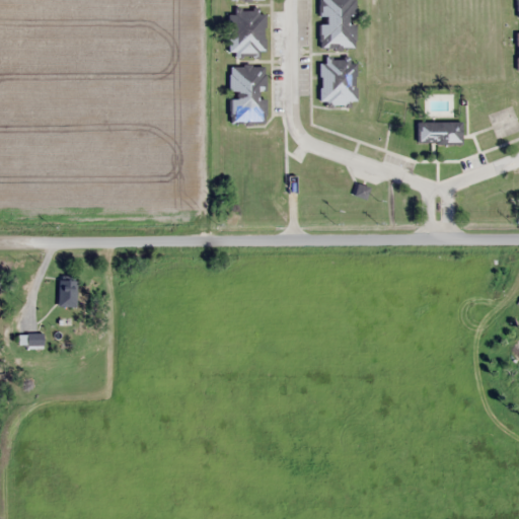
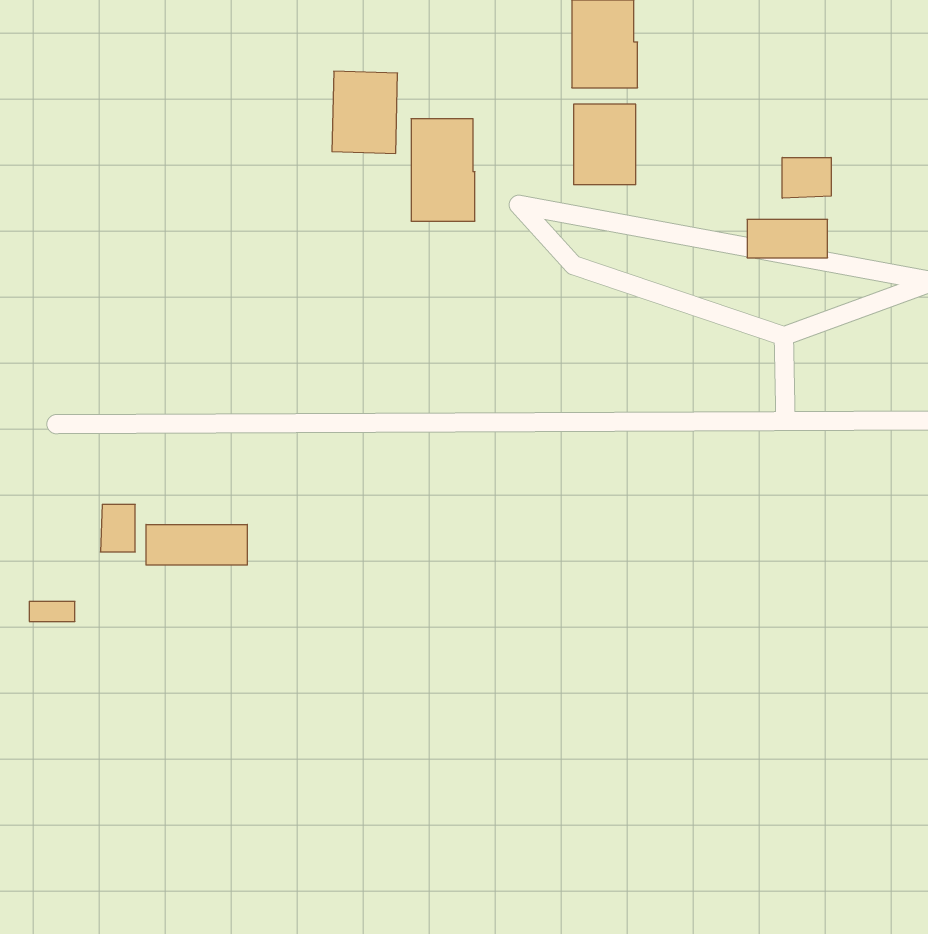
building: [230,9,267,55] -> [332,71,398,153]
building: none -> [782,157,831,198]
building: none -> [146,524,247,565]

